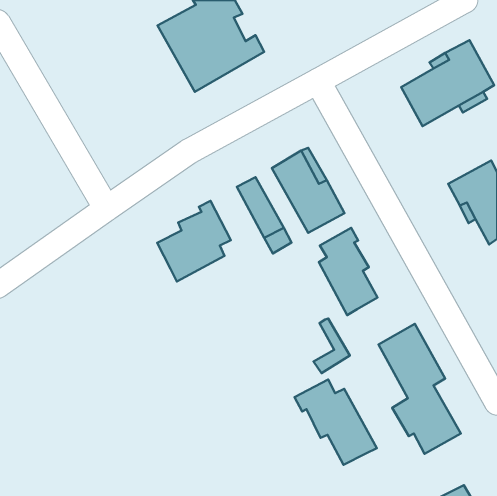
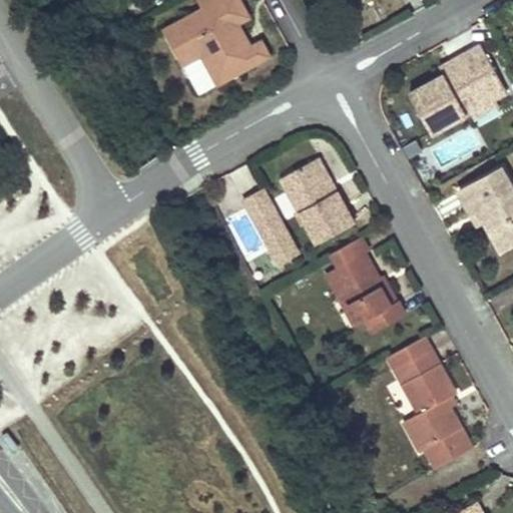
building: [157,201,231,281] -> none
building: [314,318,350,373] -> [366,277,403,333]
building: [294,379,377,465] -> none

